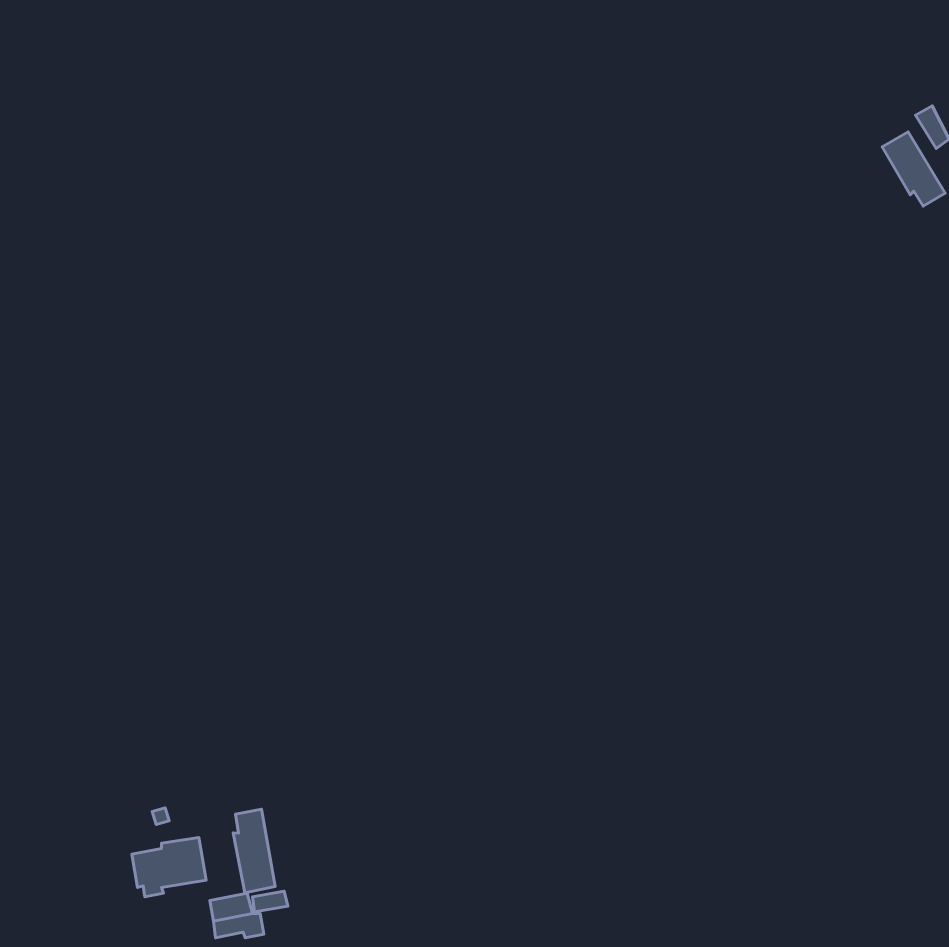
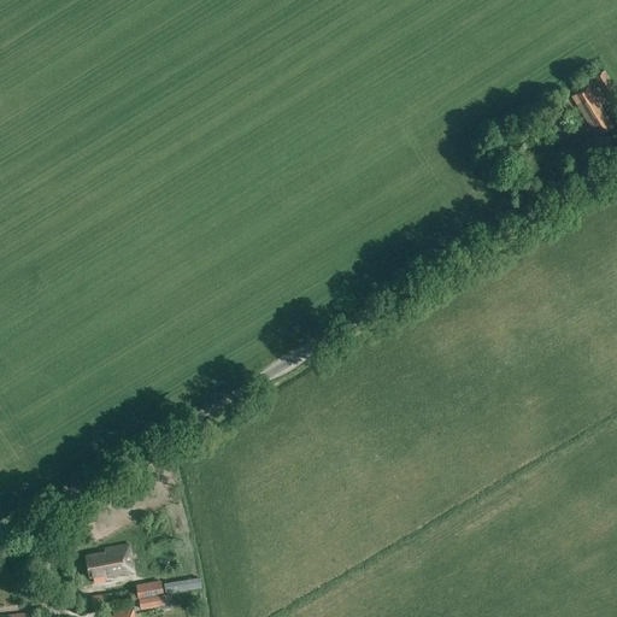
building: [233,809,275,893] -> none

